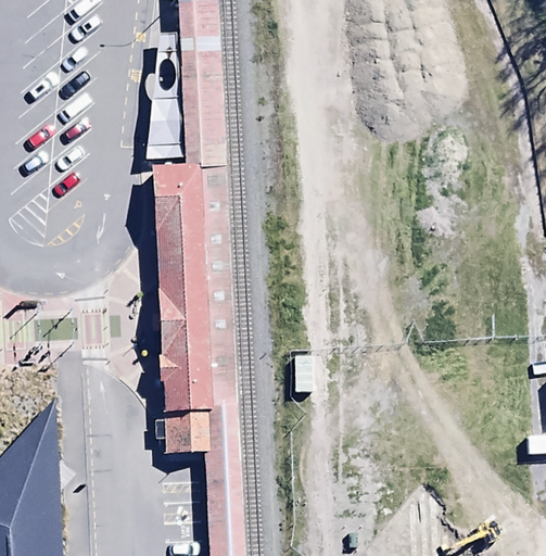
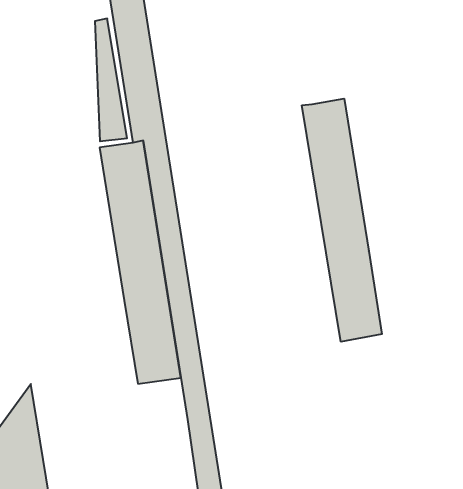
building: none -> [302,99,382,342]
building: [164,408,211,453] -> none

